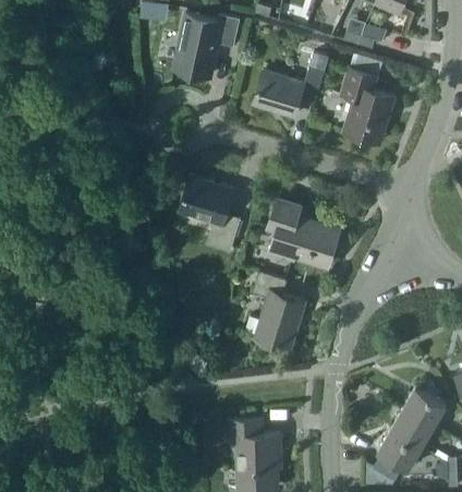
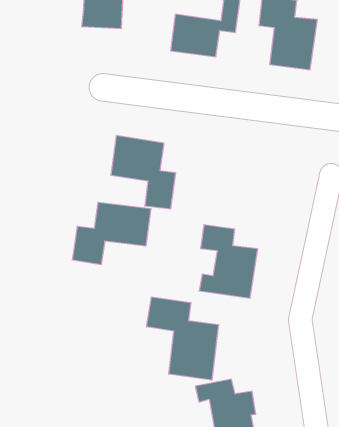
building: [267,197,339,265] -> none
building: none -> [73,202,151,265]
building: none -> [147,297,219,380]

